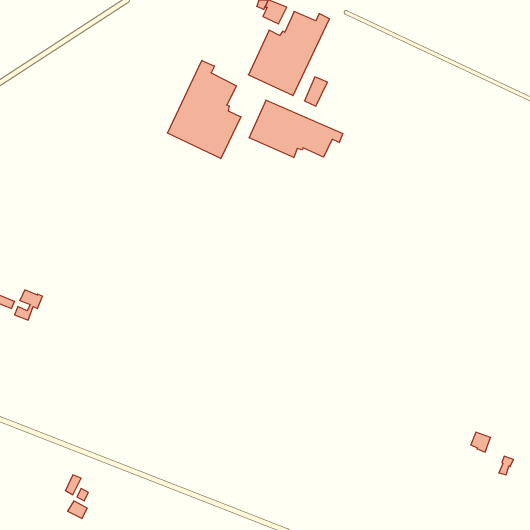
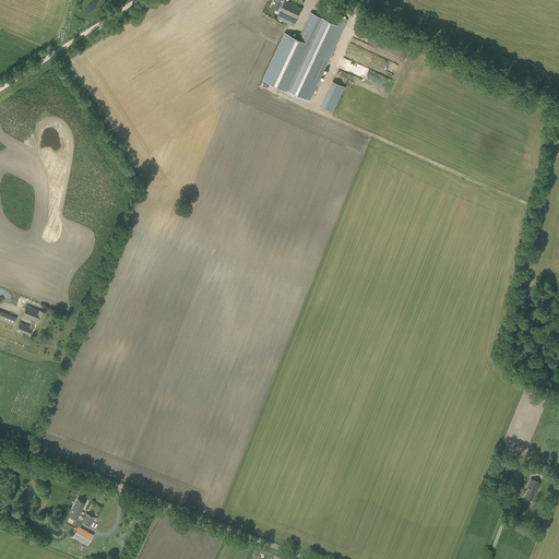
building: [167,60,241,159] -> none
building: [249,100,343,158] -> none

